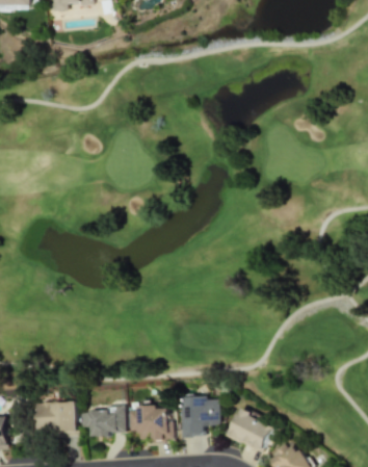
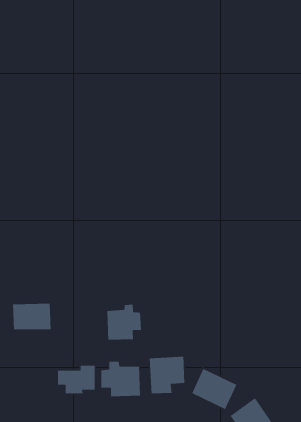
building: none -> [106,304,142,341]
building: [36,401,78,431] -> [12,303,52,330]

